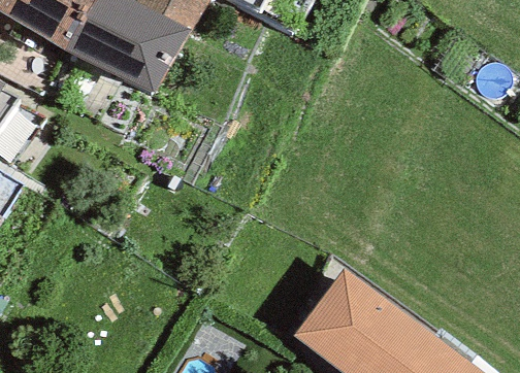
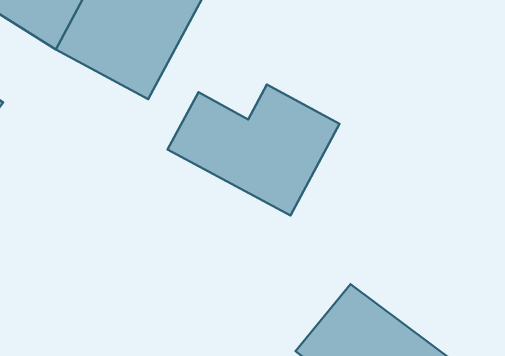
building: none -> [167,85,339,215]

